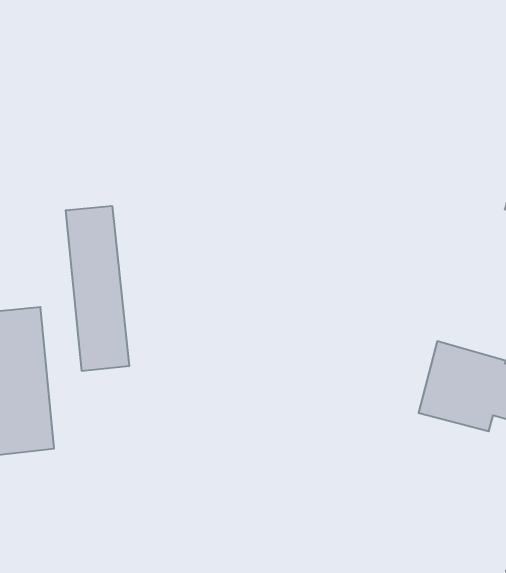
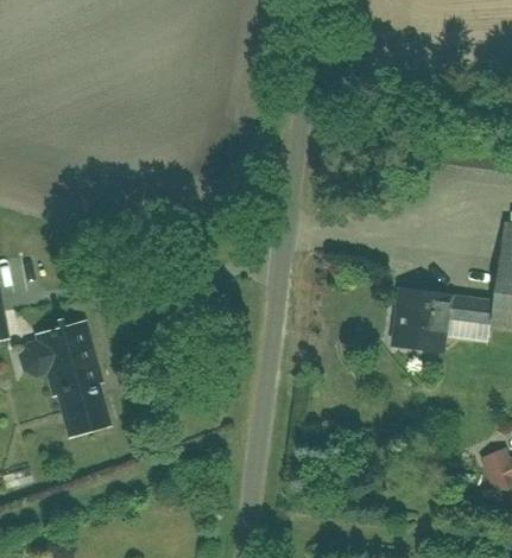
building: [66,206,129,371] -> none

